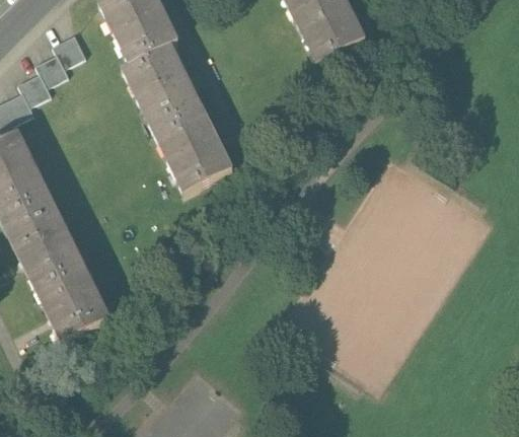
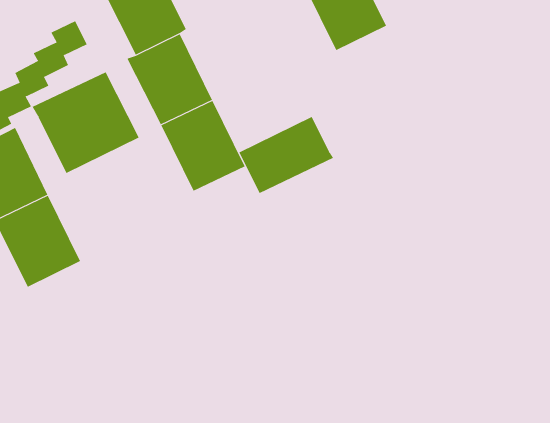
building: none -> [32,71,139,174]
building: none -> [238,116,334,194]
building: [29,254,110,341] -> none

